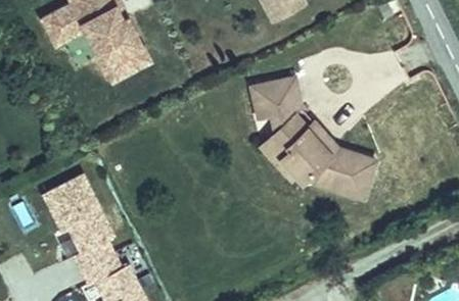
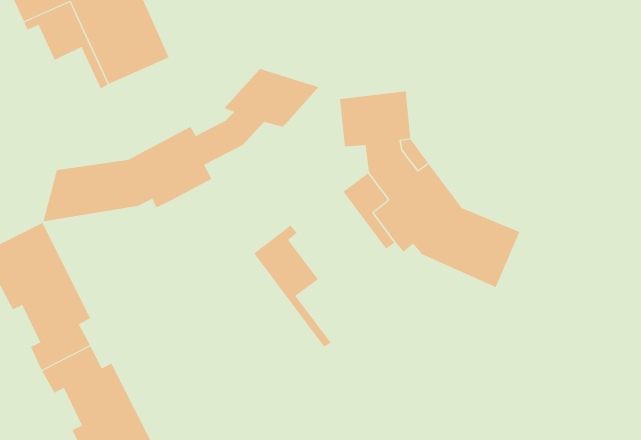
building: none -> [43,68,320,222]
building: none -> [253,224,331,347]

